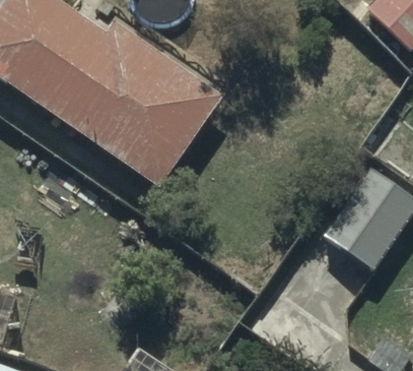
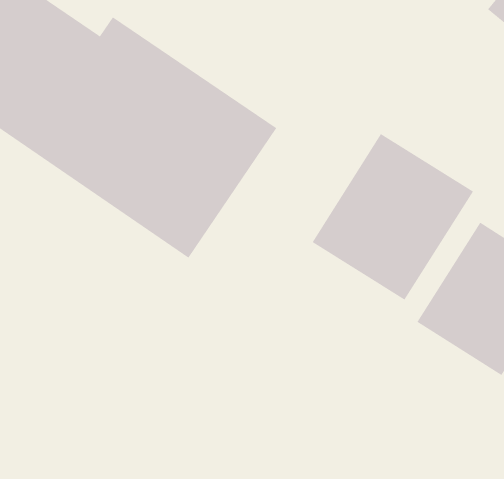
building: none -> [312,133,474,301]

